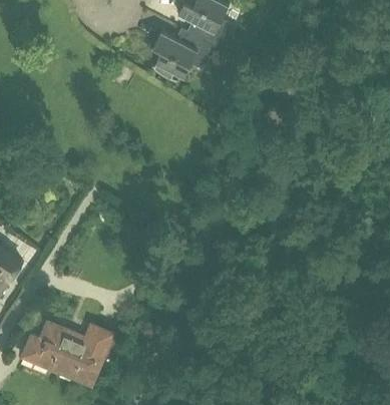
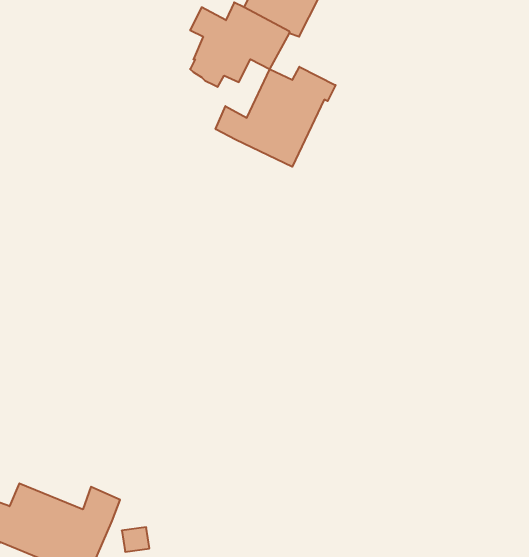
building: none -> [216,67,336,167]

